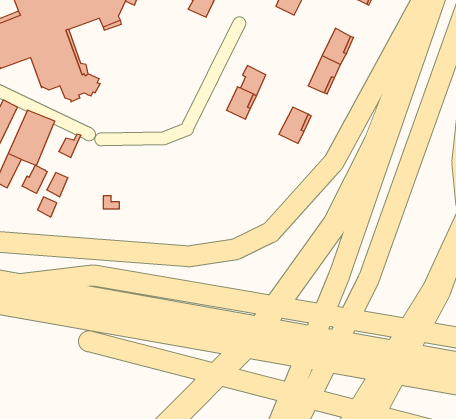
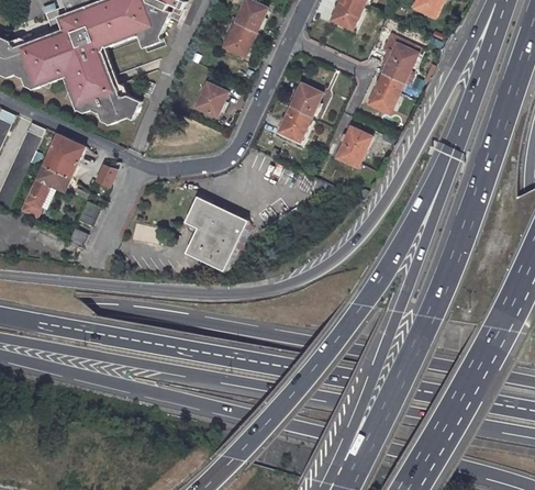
building: none -> [220,24,254,58]
building: none -> [194,83,224,116]
building: [22,165,47,193] -> none
building: none -> [187,197,252,272]

